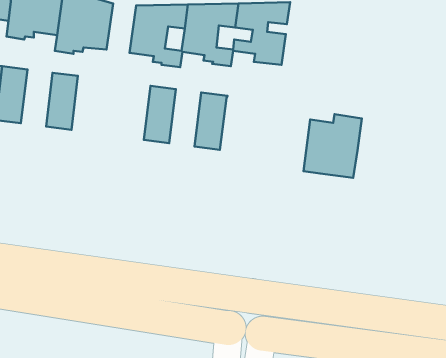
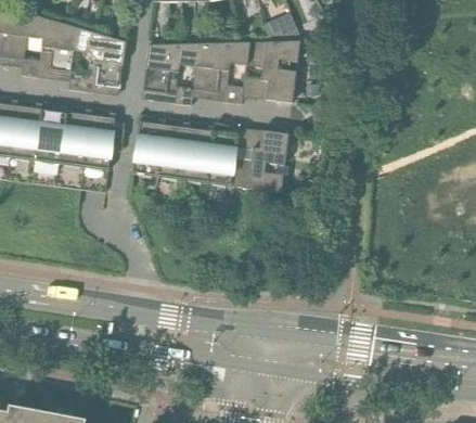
building: none -> [35,107,66,164]
building: none -> [85,114,116,170]
building: none -> [131,120,163,177]
building: none -> [181,127,213,183]
building: [304,114,362,178] -> [231,130,288,193]

